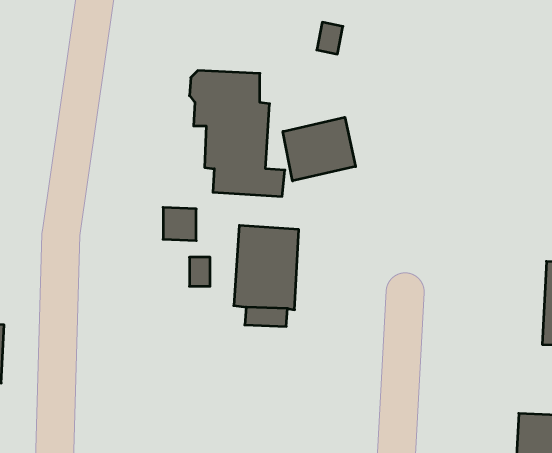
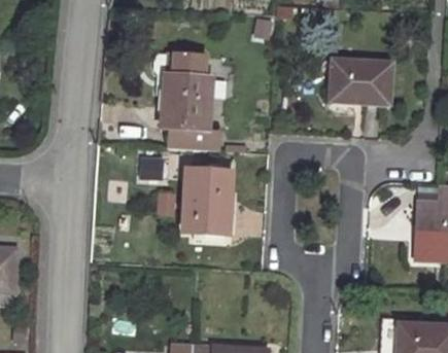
building: none -> [332,60,386,102]
building: [283,117,356,181] -> none

